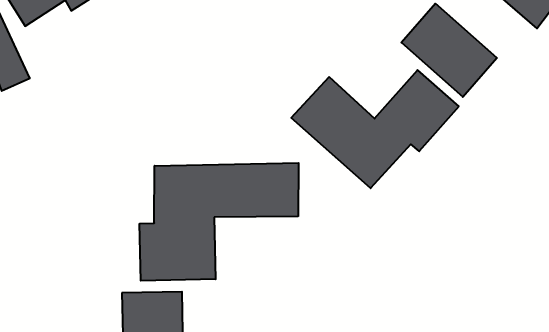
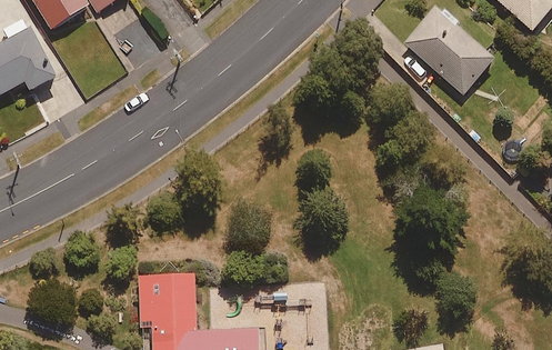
building: [291,70,459,188] -> none
building: [140,163,299,281] -> none

